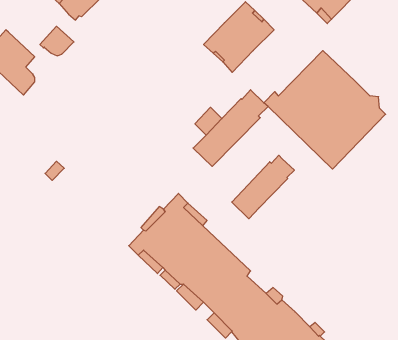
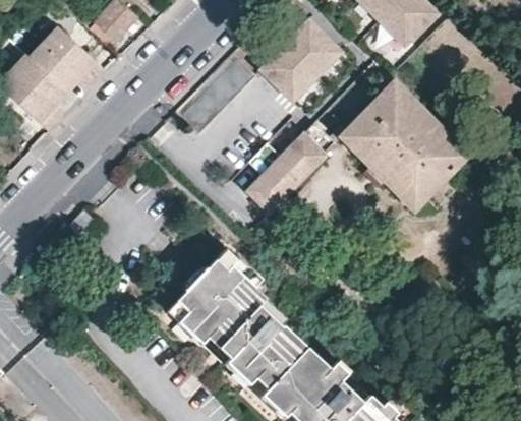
building: none -> [28,27,84,87]
building: none -> [184,55,254,126]
building: [232,155,294,219] -> none

